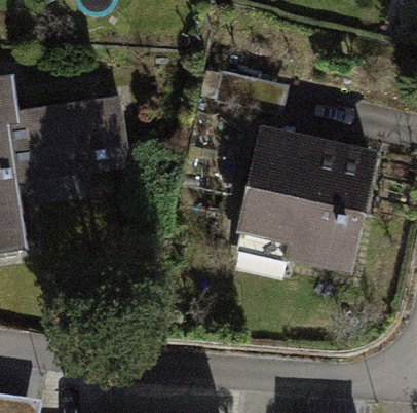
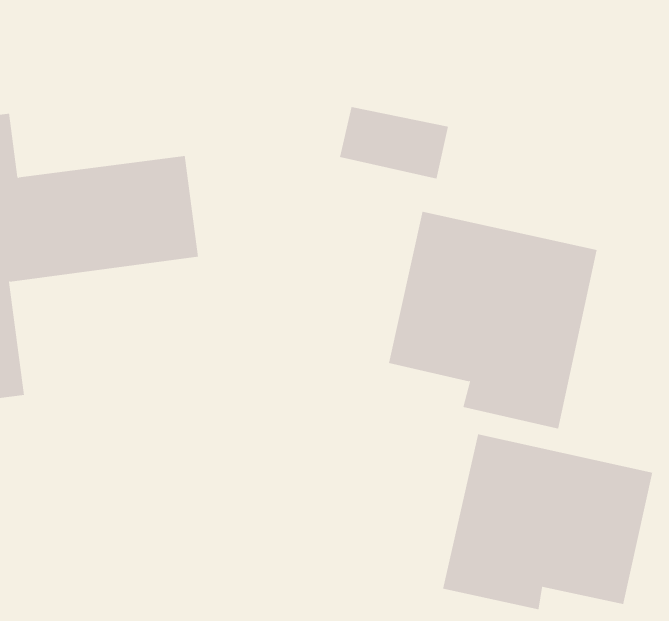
building: none -> [443,434,653,610]

